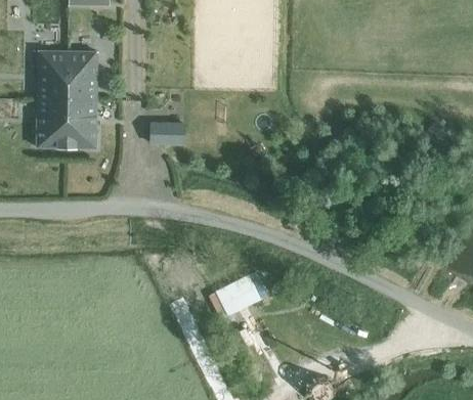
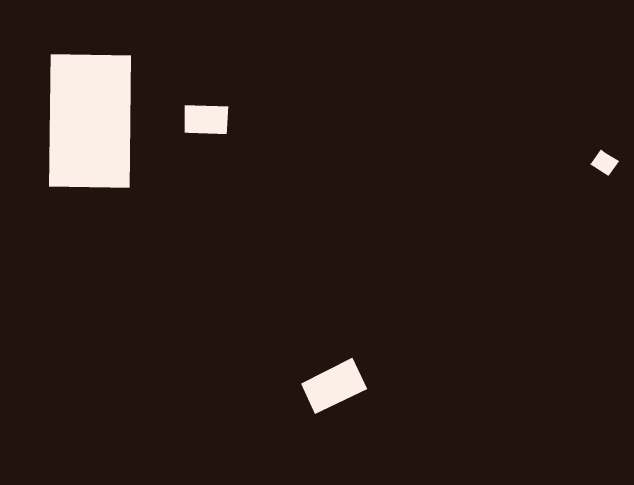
building: [152,123,184,144] -> [184,105,229,135]

